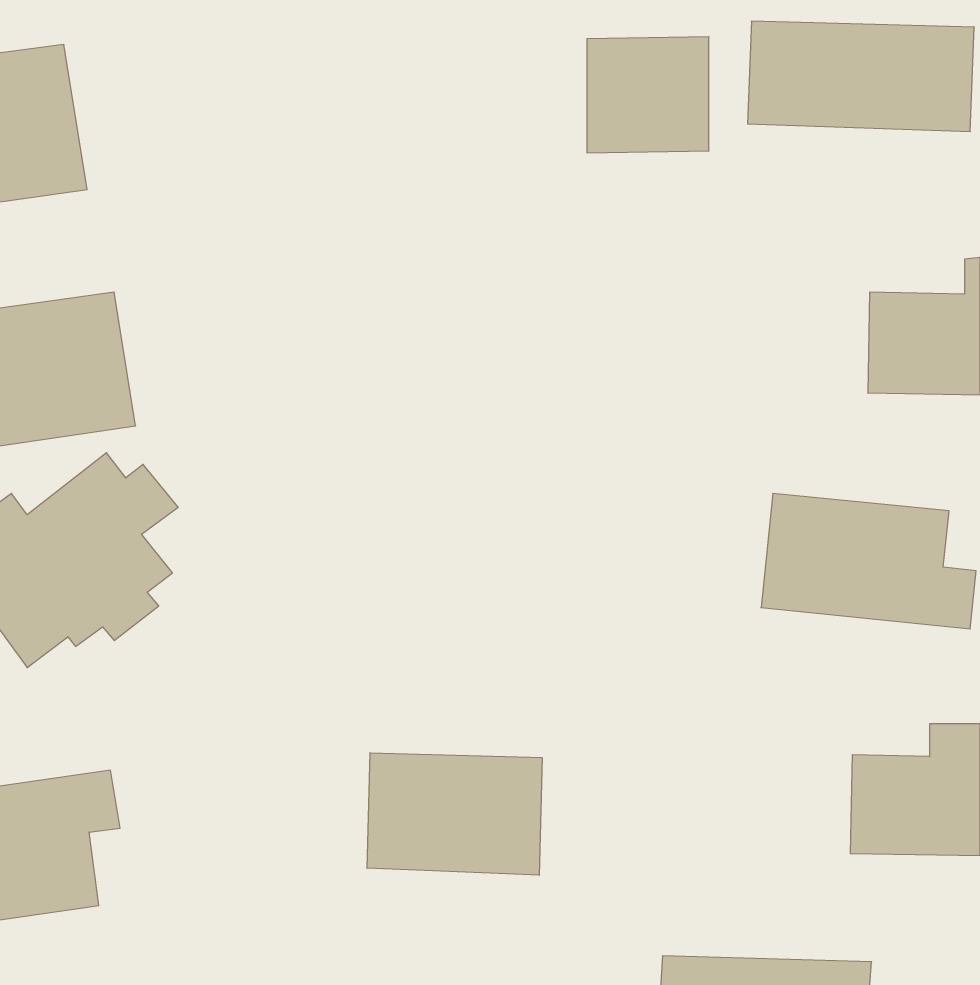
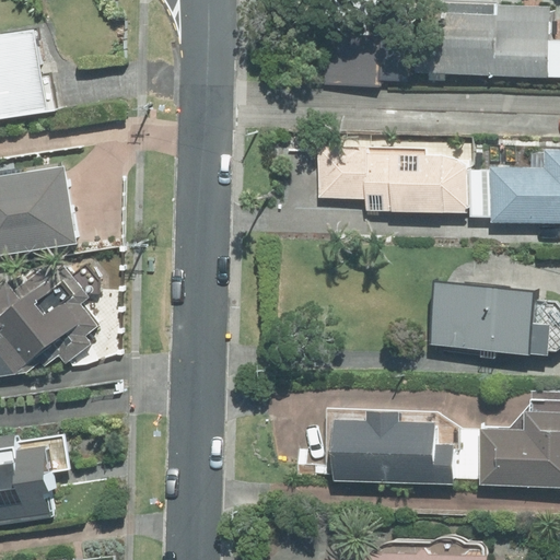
building: none -> [315,144,467,214]
building: none -> [332,411,453,485]
building: [367,753,542,875] -> none

